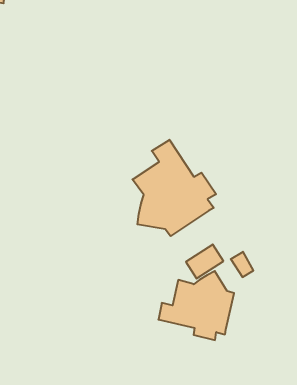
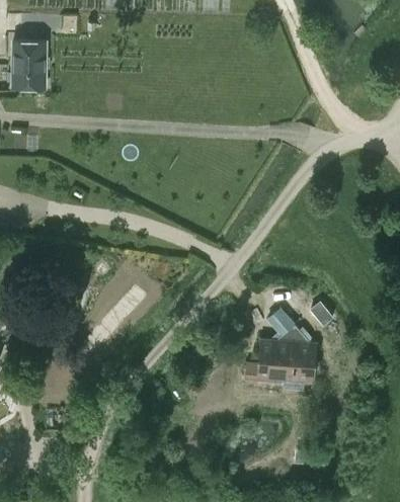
building: [132,140,216,236] -> none

